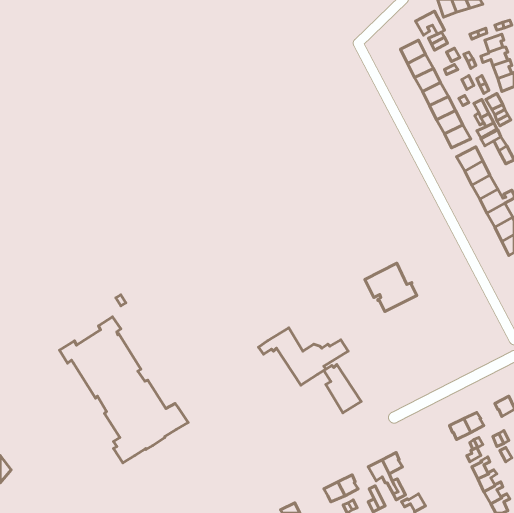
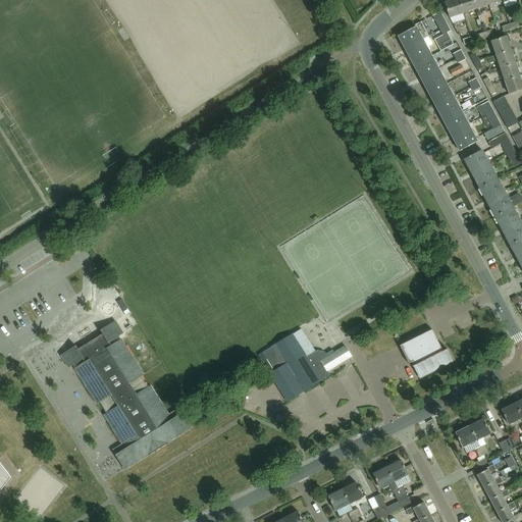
building: none -> [398,21,429,50]
building: [365,263,417,312] -> [398,329,451,378]
building: [324,364,361,413] -> [267,353,305,402]

